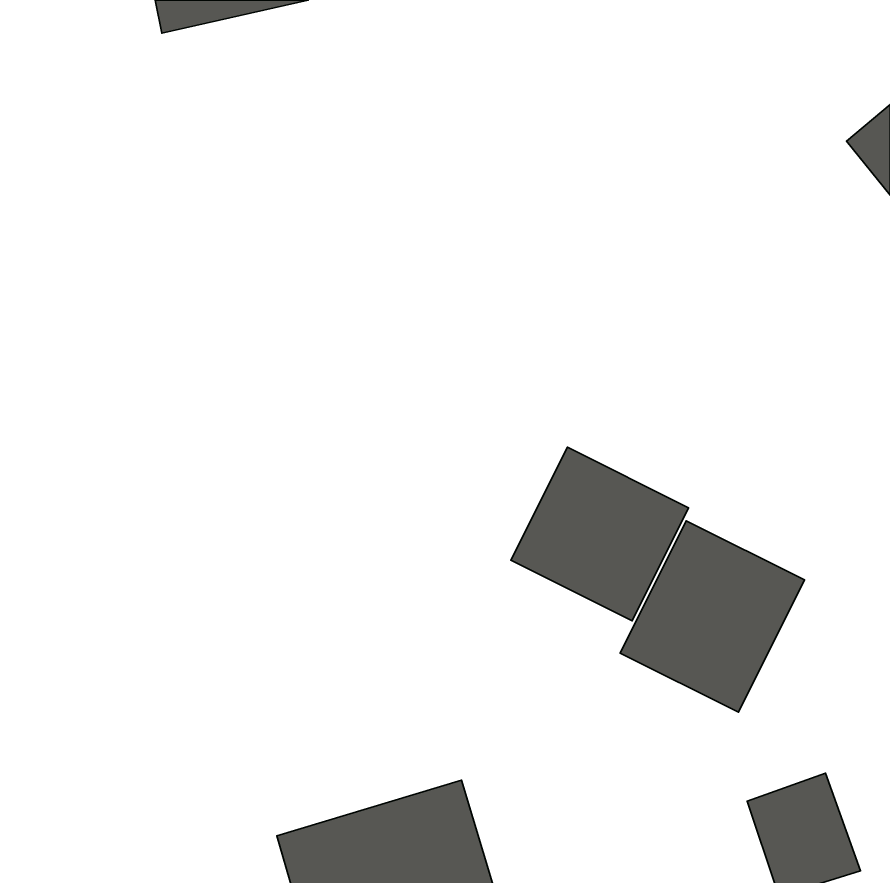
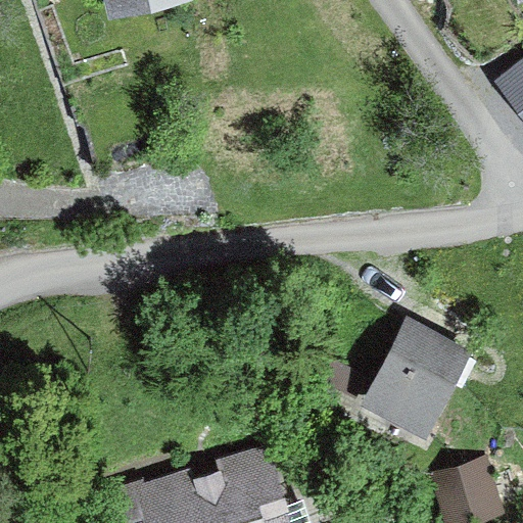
building: [511,447,689,621] -> none

